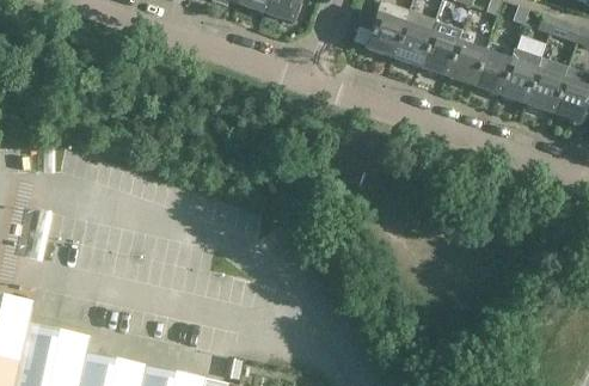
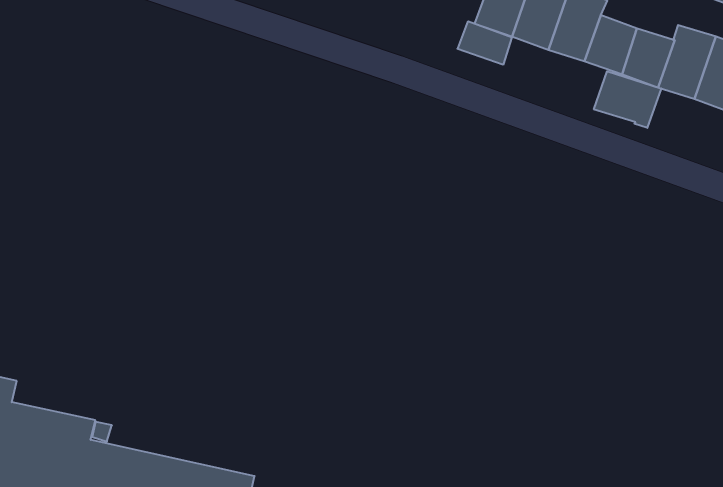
building: none -> [457,21,512,65]
building: none -> [594,71,661,128]

